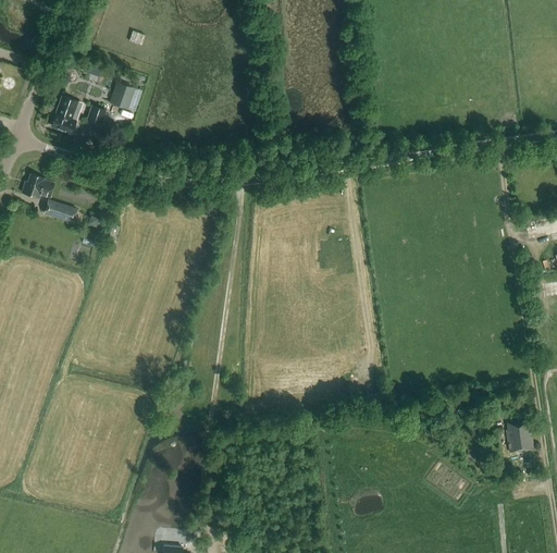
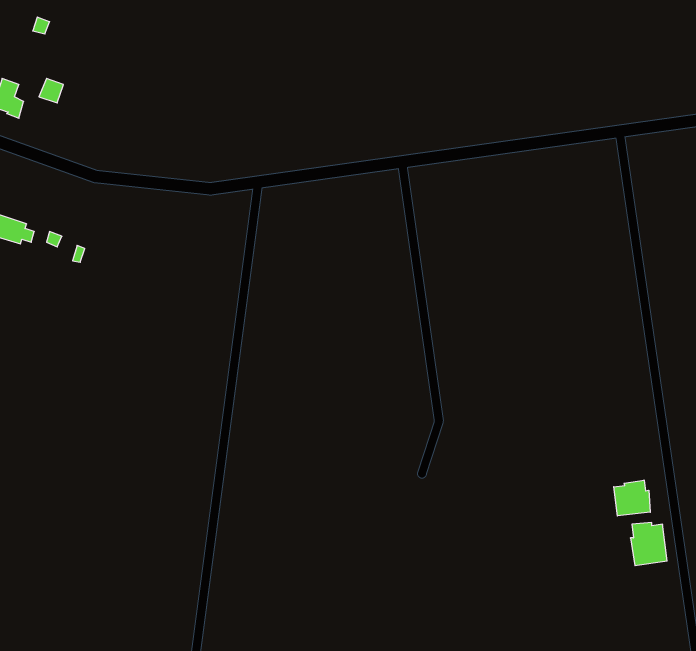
building: [110,82,136,109] -> none
building: none -> [614,480,650,516]

